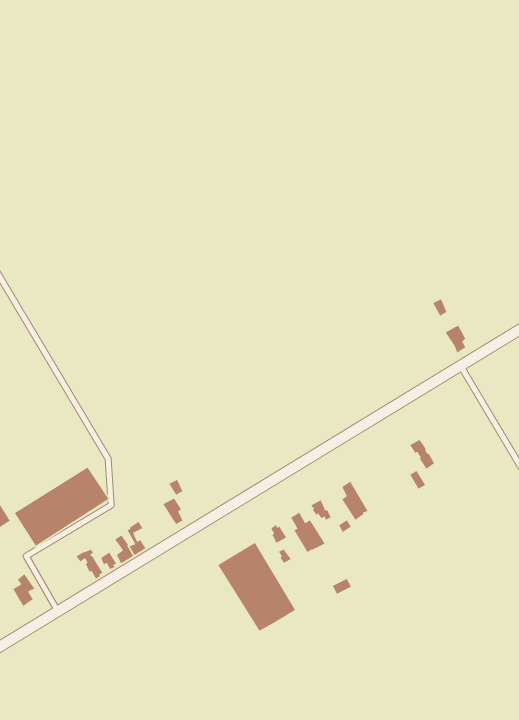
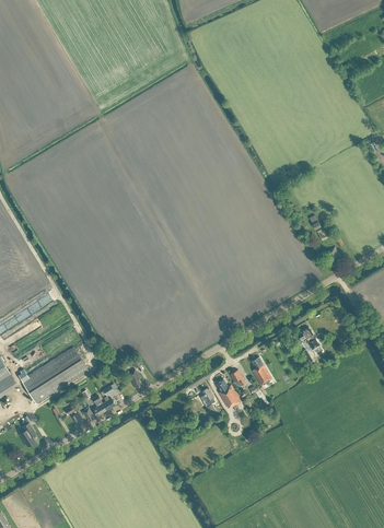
building: [217,542,296,632] -> none

